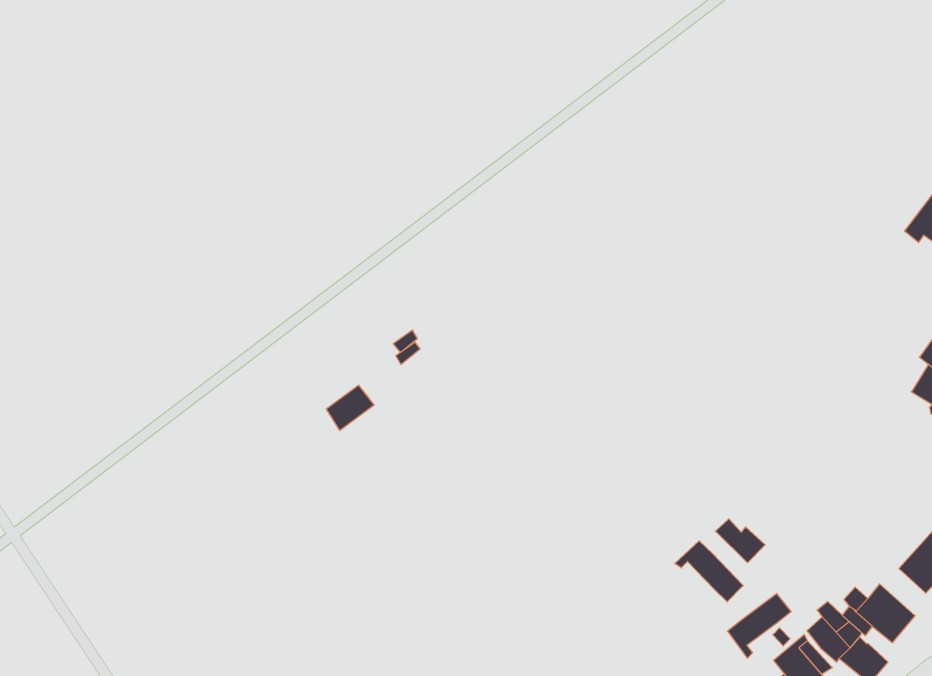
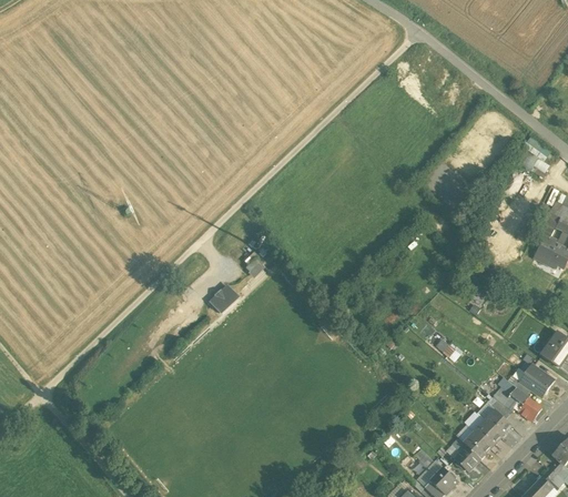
building: [675,541,743,602] -> none
building: [728,594,791,658] -> none

